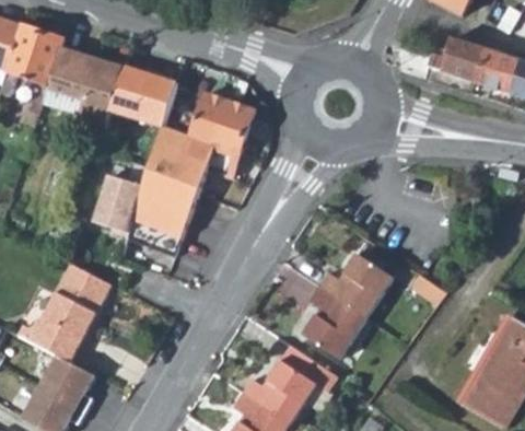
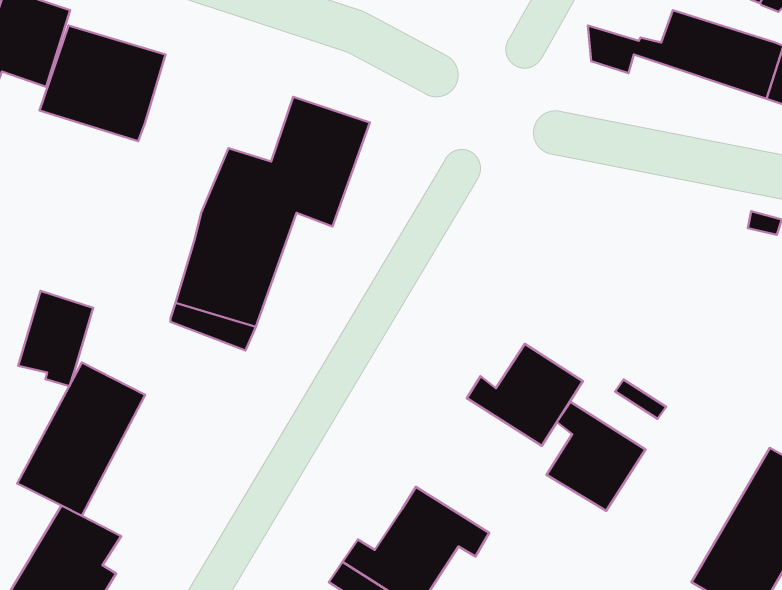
building: [110,65,177,125] -> none
building: [94,173,142,234] -> [18,291,93,386]
building: [302,286,365,356] -> [547,402,645,511]

